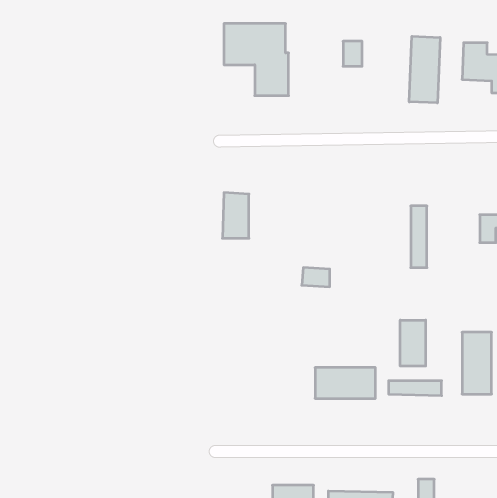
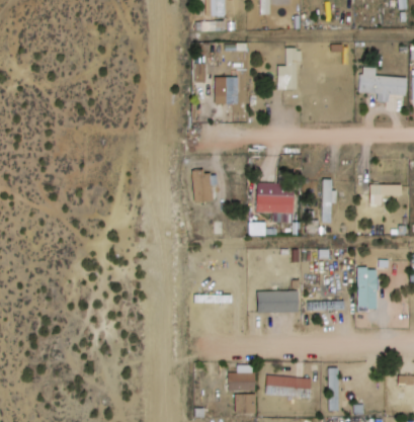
building: [409,36,440,103] -> none
building: none -> [256,184,297,215]
building: [400,320,426,366] -> none

